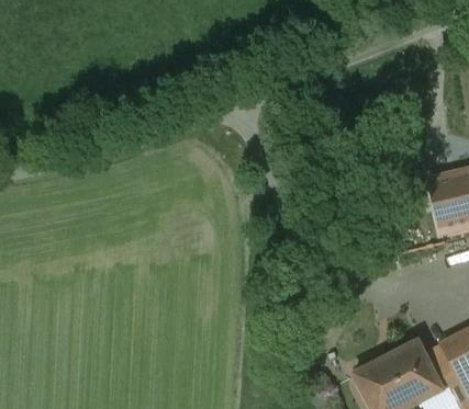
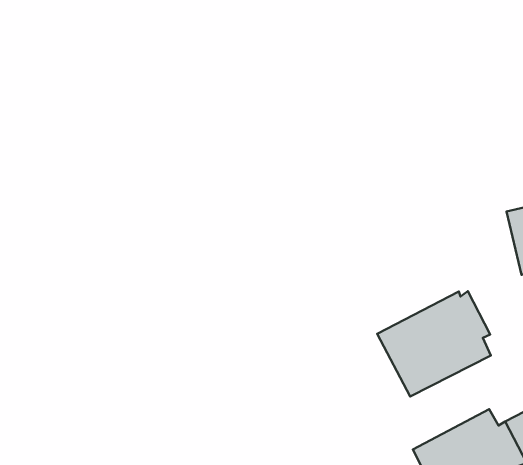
building: none -> [377,291,491,396]

